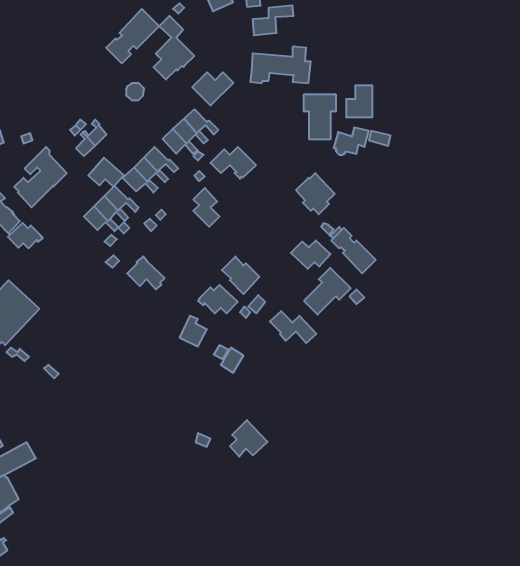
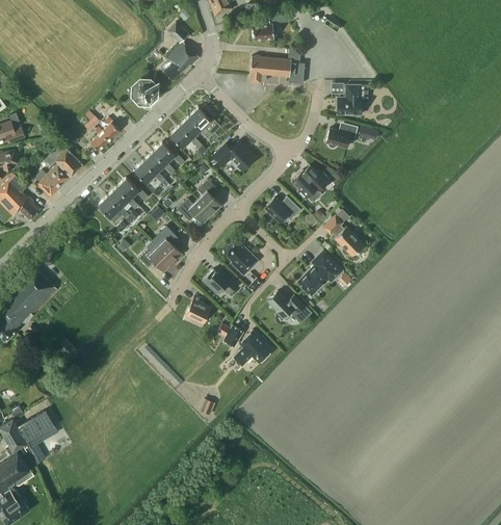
building: [106,9,159,63] -> none
building: [192,72,233,106] -> none
building: [304,94,336,139] -> none
building: [88,158,124,187] -> none
building: none -> [178,199,213,224]
building: [8,223,43,248] -> none
building: [291,240,331,269] -> [265,196,301,222]
building: none -> [157,228,182,261]
building: [230,420,268,457] -> [238,330,272,363]

